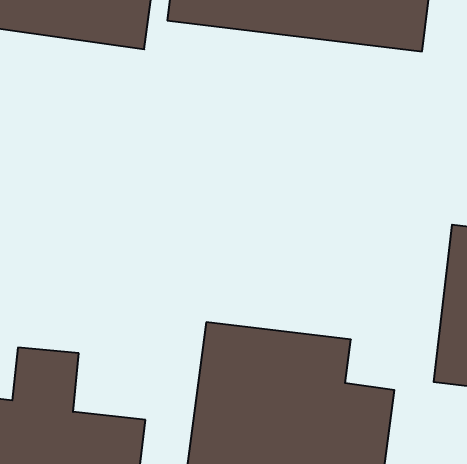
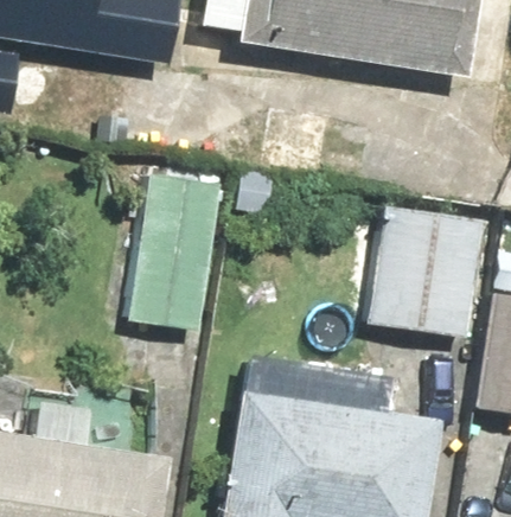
building: none -> [122,157,215,334]
building: none -> [334,196,483,344]

